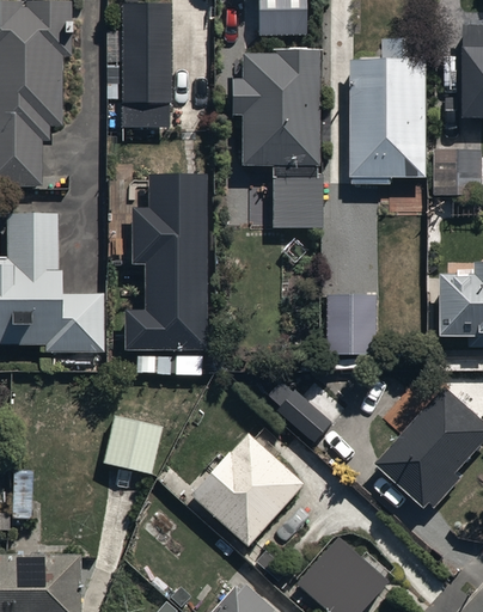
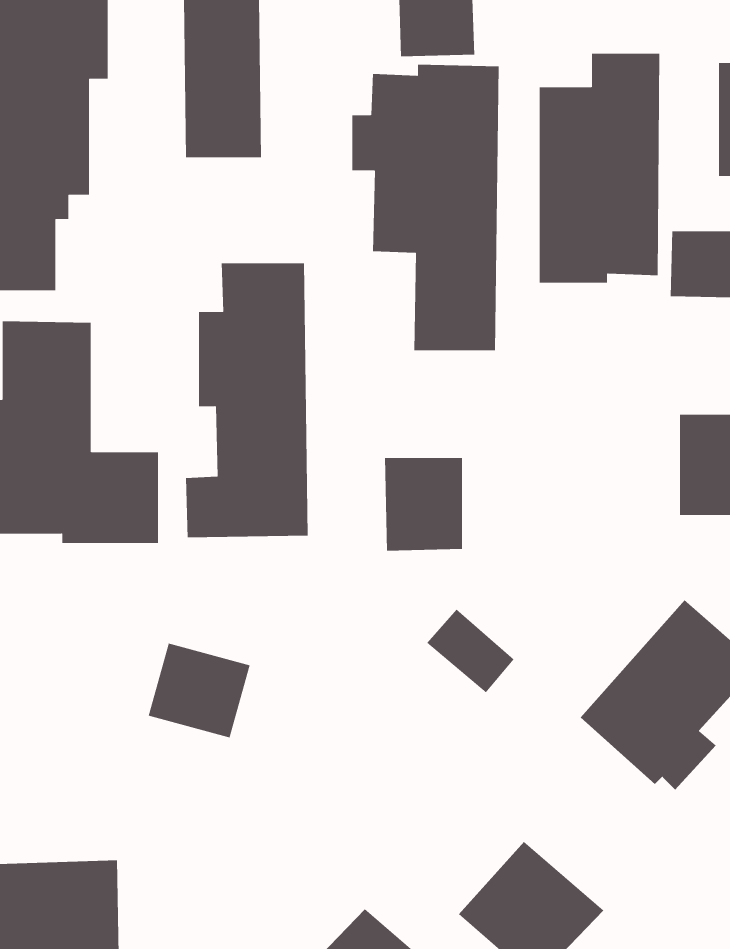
building: [326,292,377,351] -> [384,457,463,551]
building: [192,435,306,547] -> none

